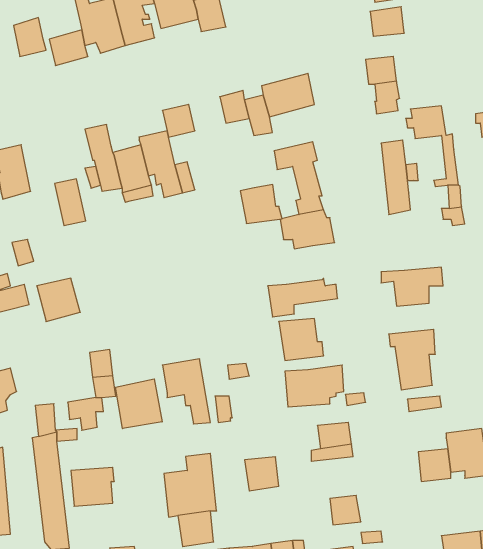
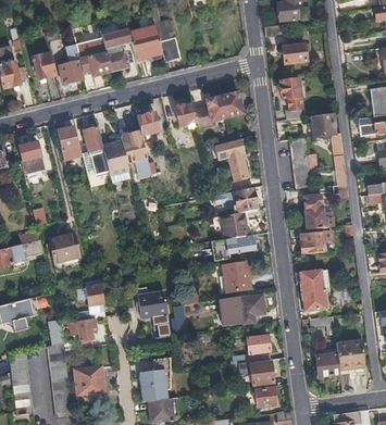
building: [55,179,86,226] -> [58,126,79,159]
building: [240,185,282,223] -> [220,211,249,238]
building: none -> [303,195,334,228]
building: [116,379,162,429] -> none
building: [245,457,279,491] -> [249,361,273,385]

